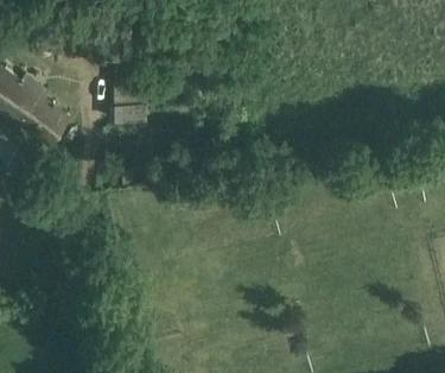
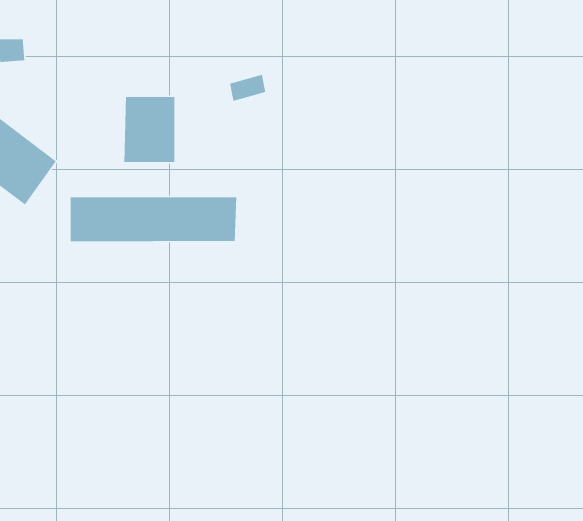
building: none -> [70,196,237,242]

